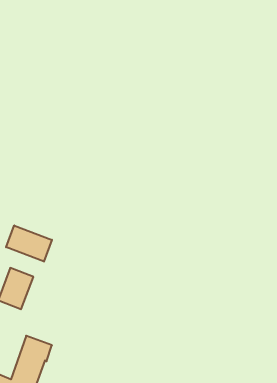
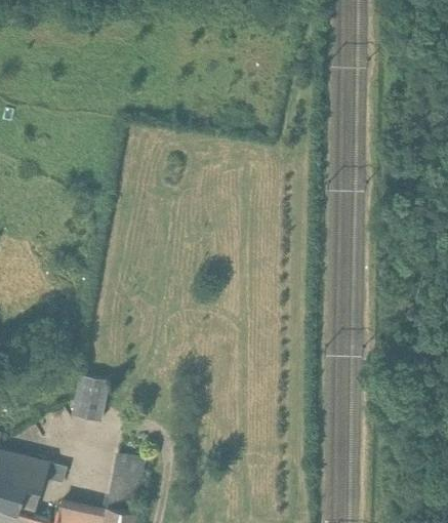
building: [6,225,52,262] -> none

